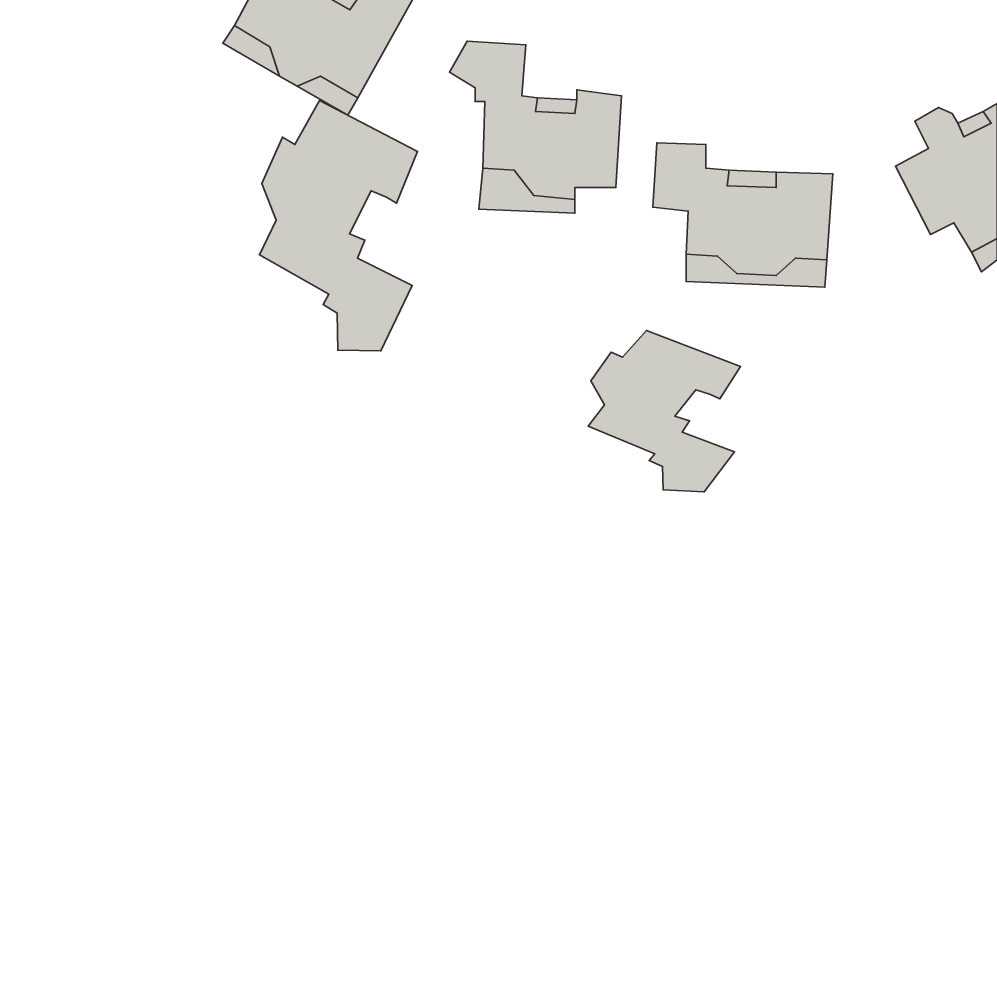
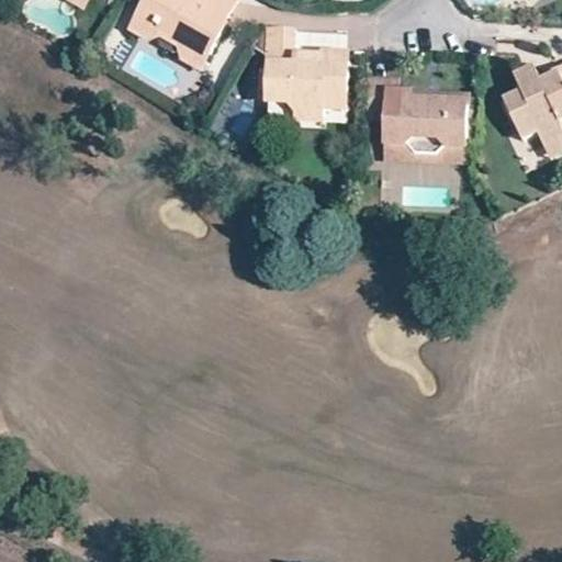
building: [259,101,418,351] -> none
building: [588,330,740,492] -> none

